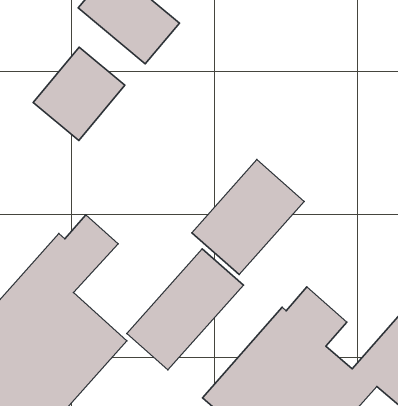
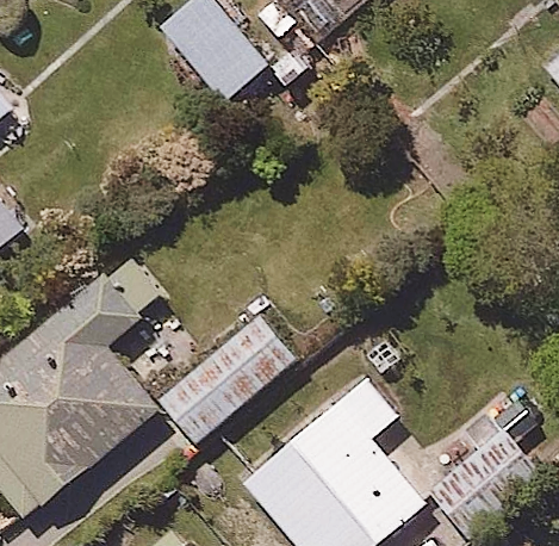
building: [33,47,125,140] -> none
building: [192,159,304,275] -> none

